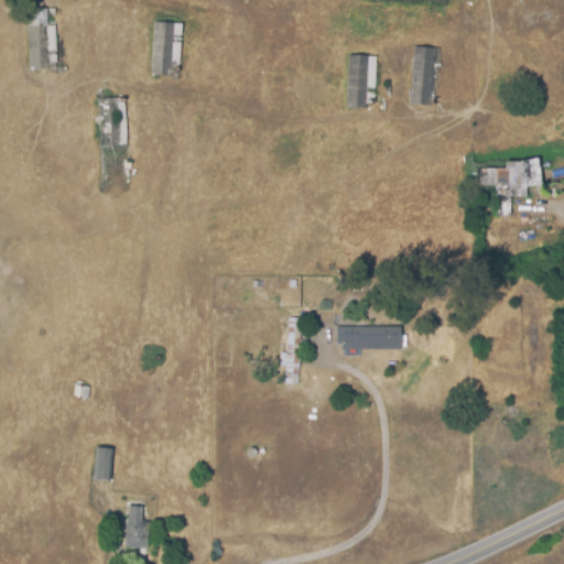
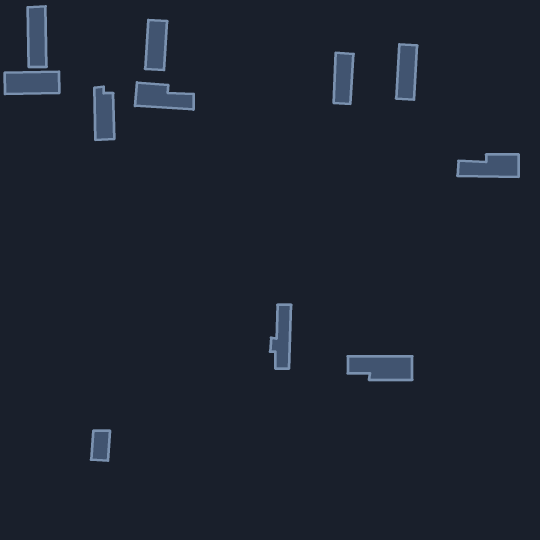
building: none -> [5,72,59,94]
building: none -> [135,82,194,110]
building: [338,326,405,350] -> [348,356,412,380]
building: [127,506,151,547] -> none

